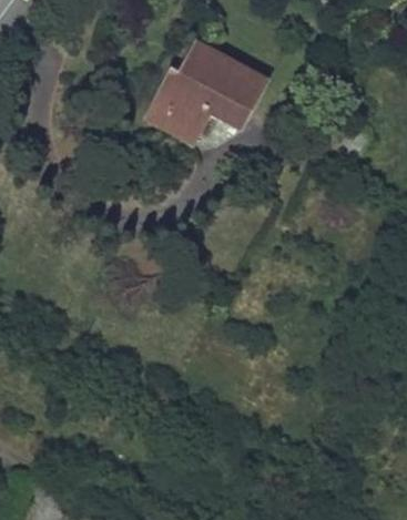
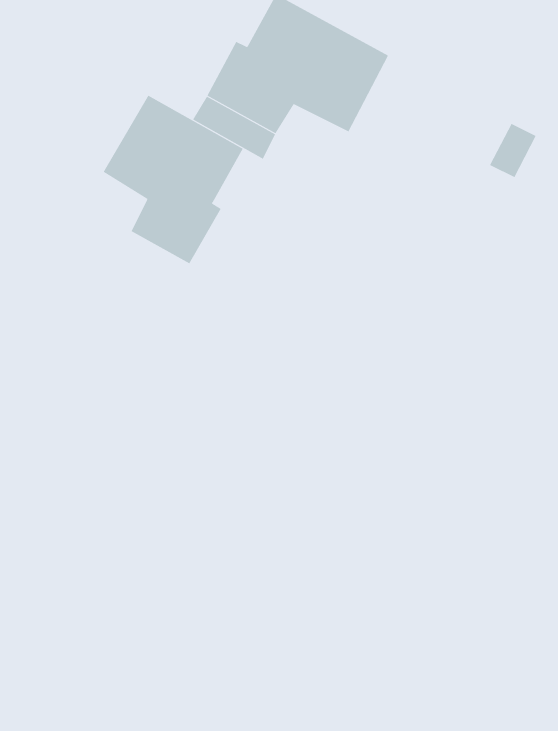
building: none -> [103,95,243,264]

